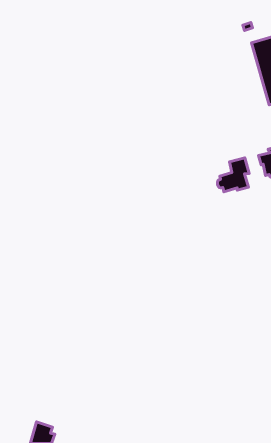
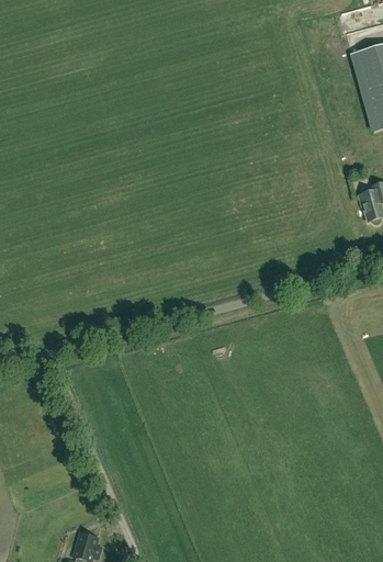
building: [217,158,249,192] -> none

